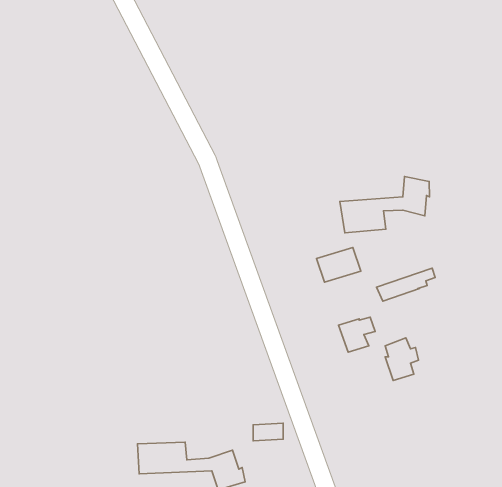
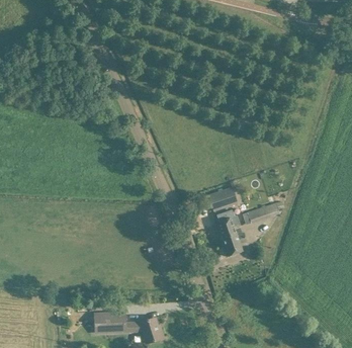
building: [340,176,429,233] -> none
building: [385,338,419,381] -> [218,210,240,238]

